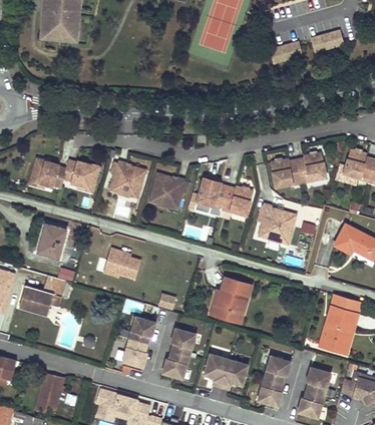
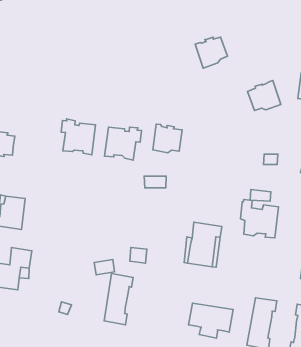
building: [270,158,299,186] -> [195,37,227,68]
building: [62,160,98,186] -> none
building: [221,186,252,216] -> none
building: [257,204,295,246] -> [241,200,278,238]
building: [102,247,141,281] -> none
building: [163,327,199,378] -> none

